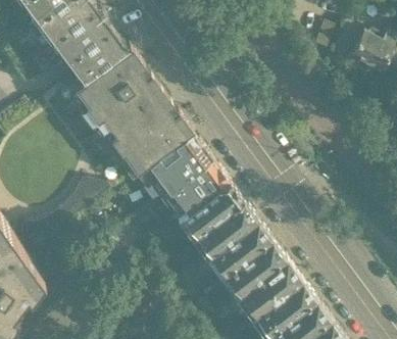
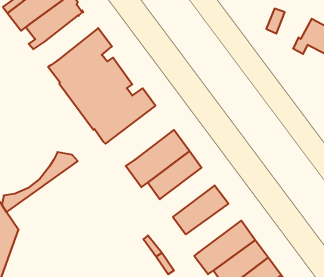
building: [68,32,128,85] -> none
building: [136,135,211,202] -> none
building: [196,203,256,257] -> none
building: [225,243,286,296] -> none

